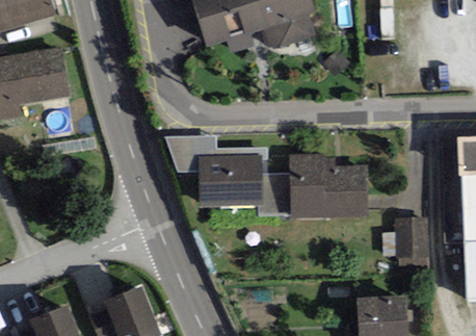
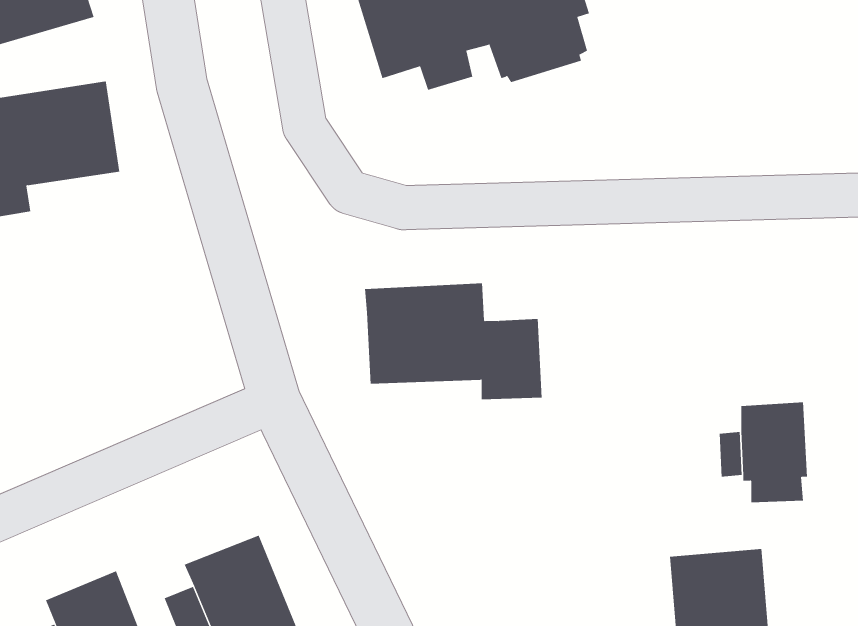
building: [165,136,267,174] -> none
building: [288,155,368,218] -> none

